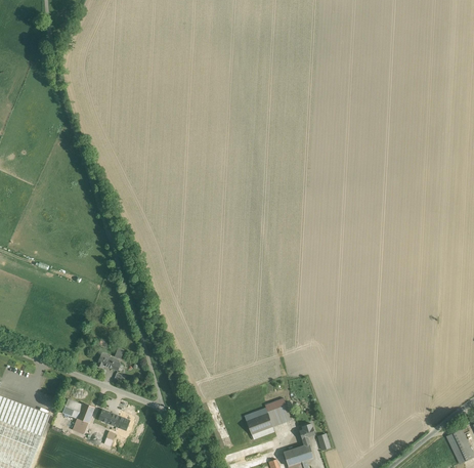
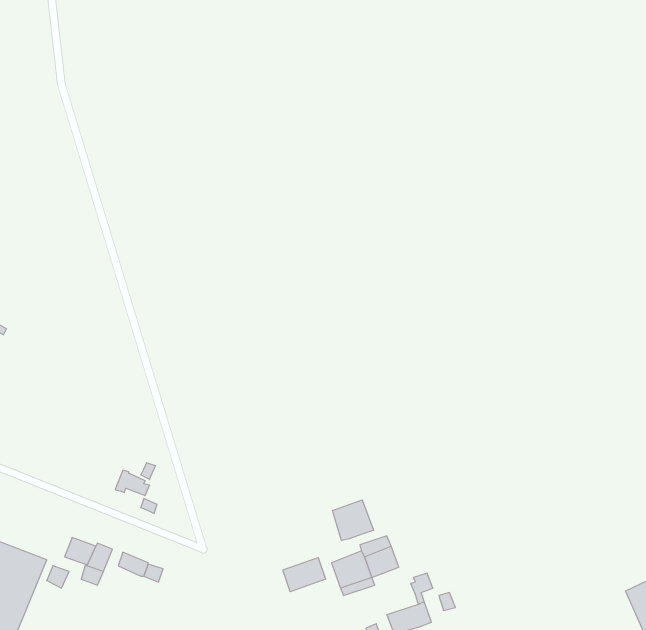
building: none -> [332,500,374,541]
building: none -> [283,558,325,592]

